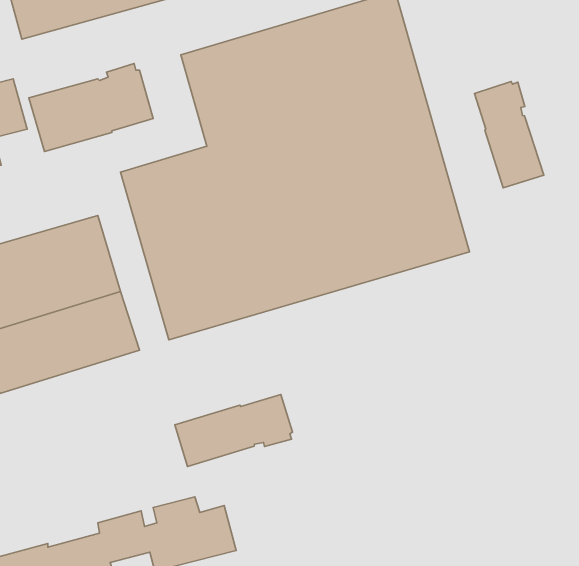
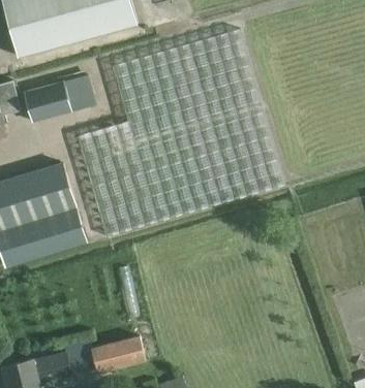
building: [475,82,544,188] -> none
building: [175,395,293,467] -> none

